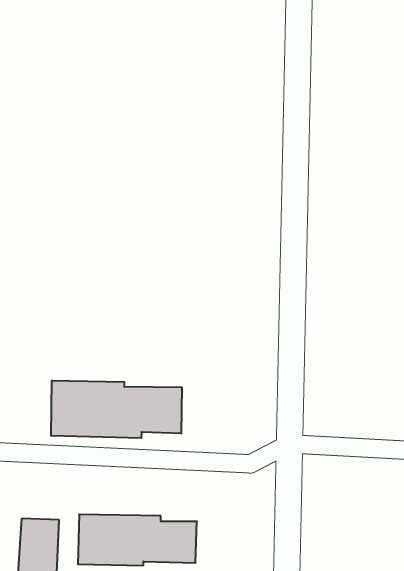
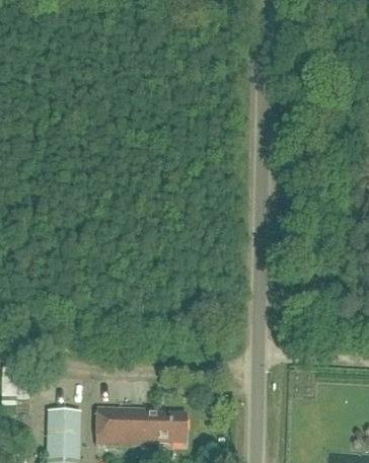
building: [51,380,182,438] -> none

